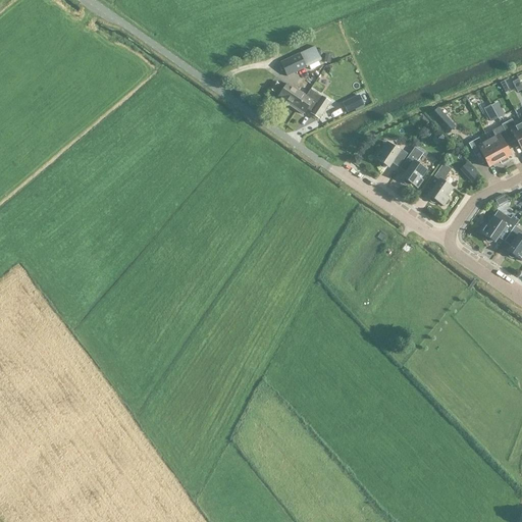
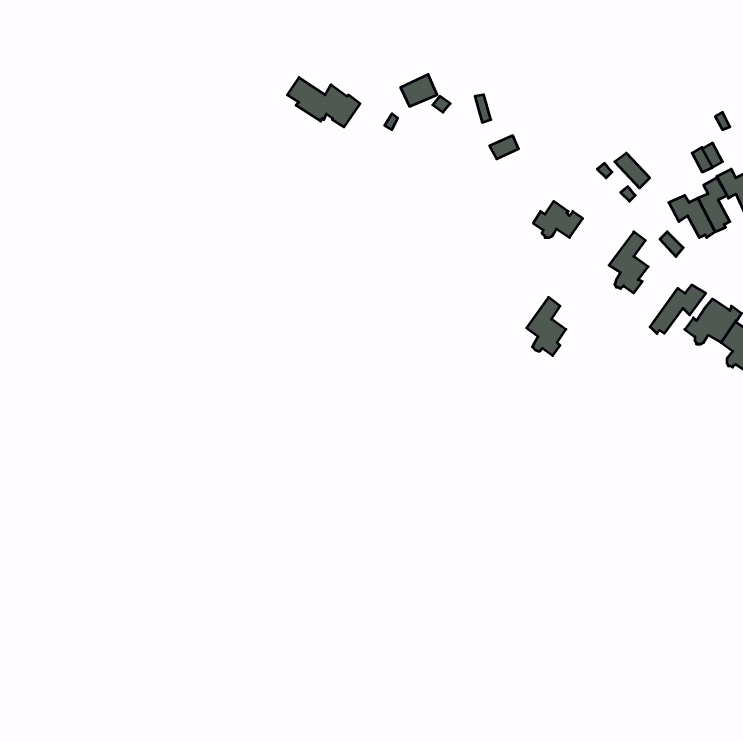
building: [280,83,331,117] -> [287,77,360,127]
building: [401,146,428,187] -> [527,297,566,356]
building: none -> [650,285,706,334]

